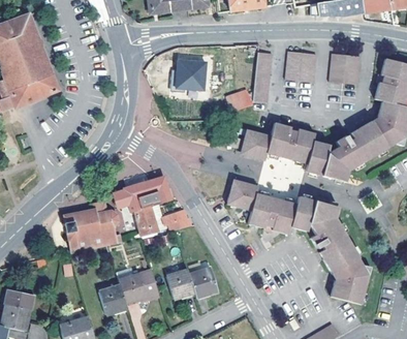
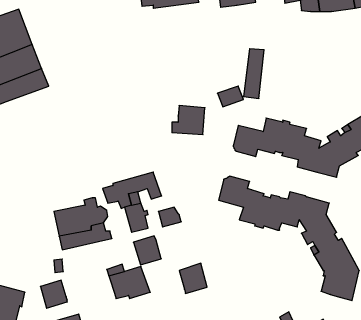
building: [287,51,317,82] -> none
building: [331,53,361,84] -> none
building: [173,60,206,89] -> [172,106,205,135]
building: [166,270,194,299] -> [133,236,161,265]
building: [100,285,127,313] -> [40,280,67,308]

